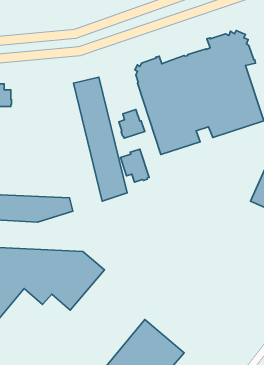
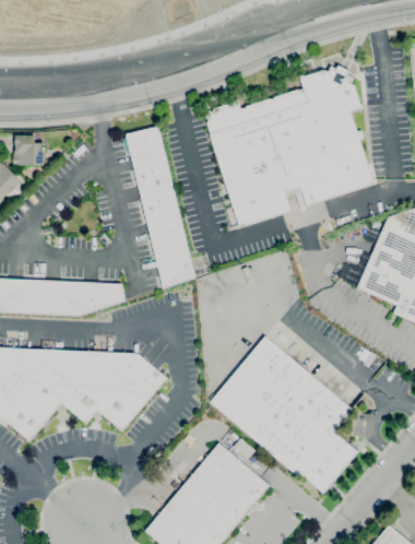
building: [119,110,145,138] -> none
building: [121,149,149,182] -> none
building: none -> [210,336,359,493]

